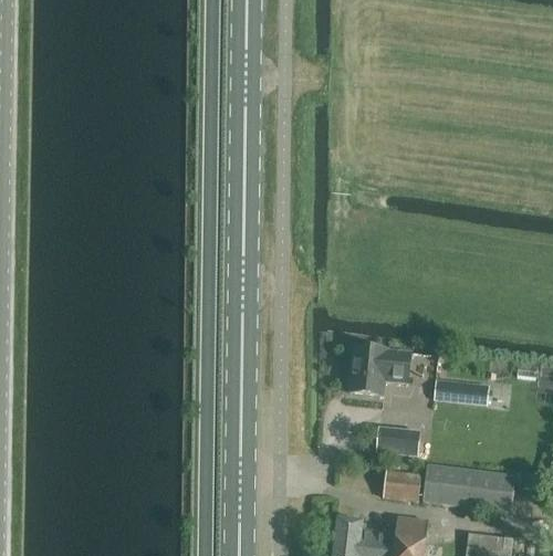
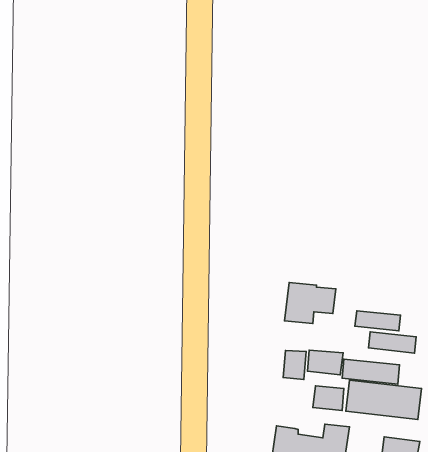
building: none -> [369,332,416,353]
building: none -> [283,350,306,379]
building: none -> [342,359,400,384]

